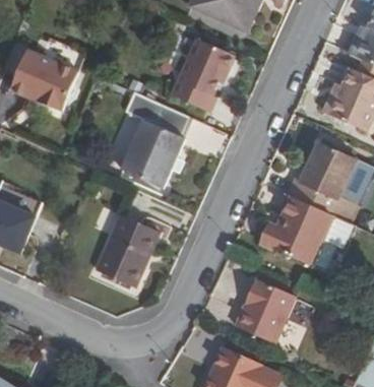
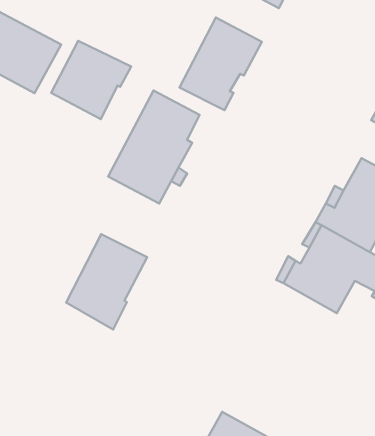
building: none -> [51,41,131,119]
building: [236,276,298,343] -> none

